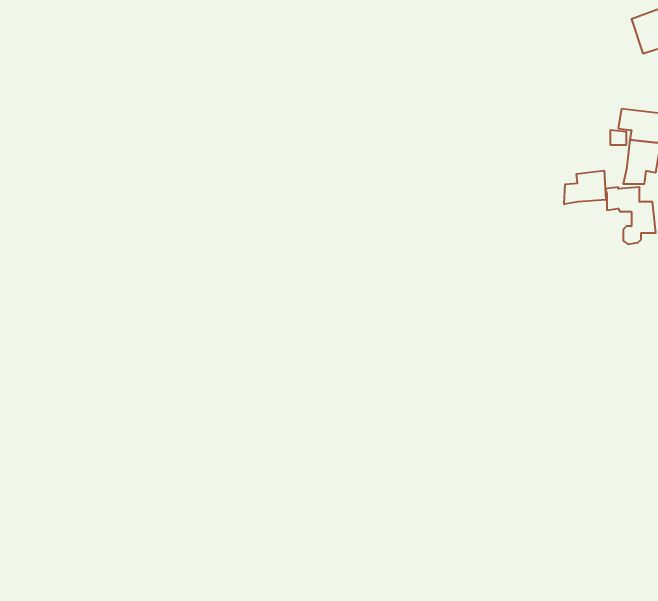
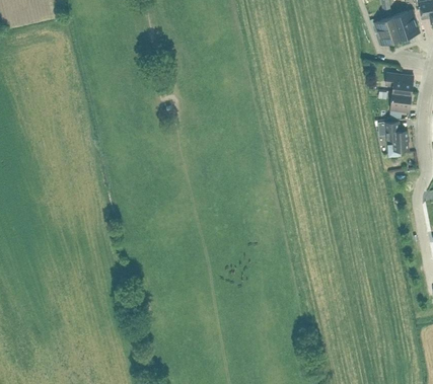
building: none -> [374,16,401,45]
building: [564,171,606,204] -> none

